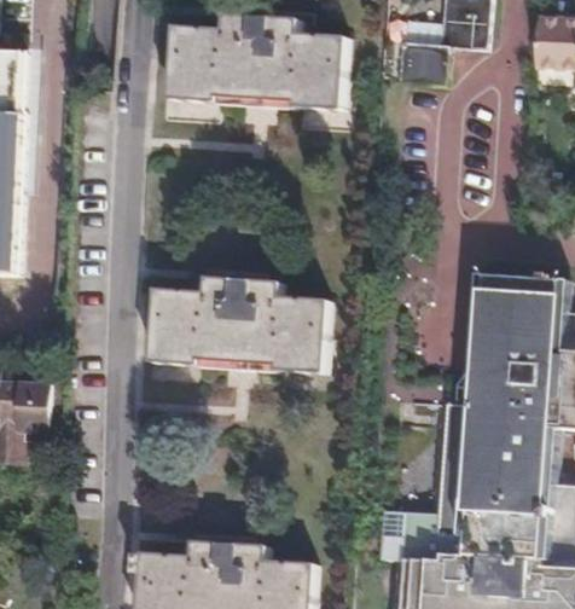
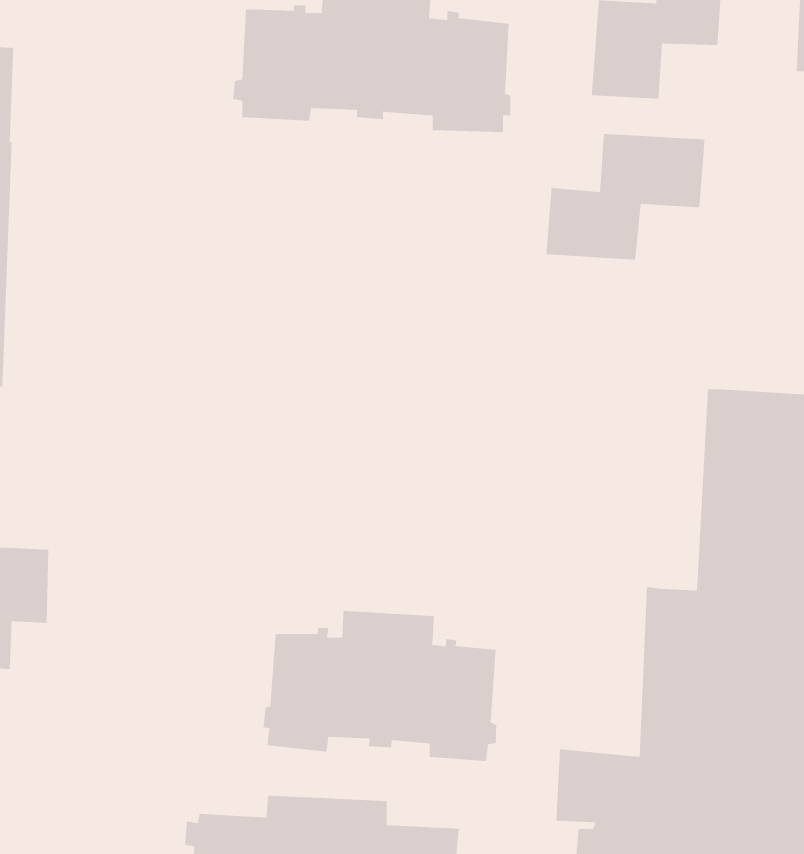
building: none -> [546,133,705,261]
building: [157,279,333,373] -> none
building: none -> [263,610,497,762]

